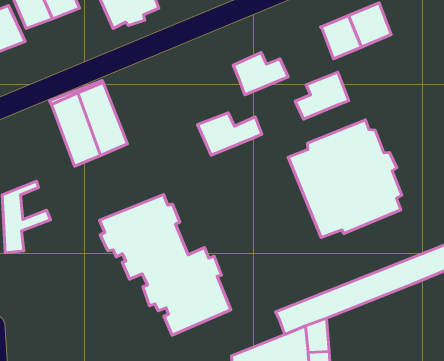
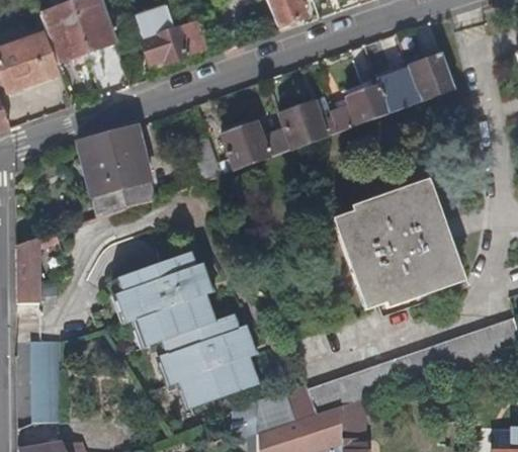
building: [295,72,349,119] -> [330,81,388,130]
building: [198,113,262,155] -> [220,122,289,168]
building: none -> [30,340,61,421]

